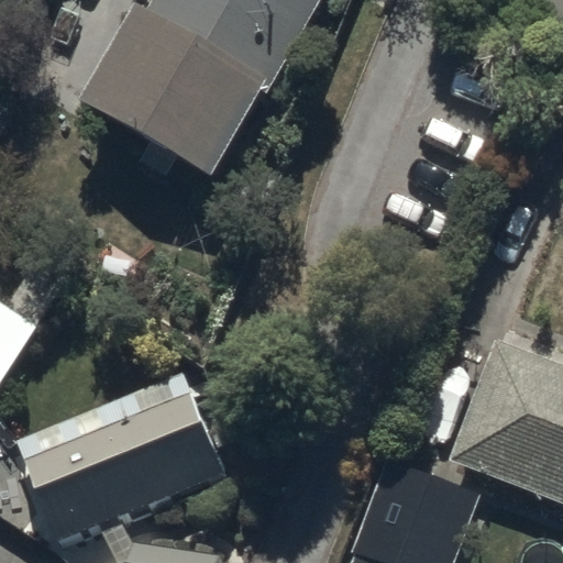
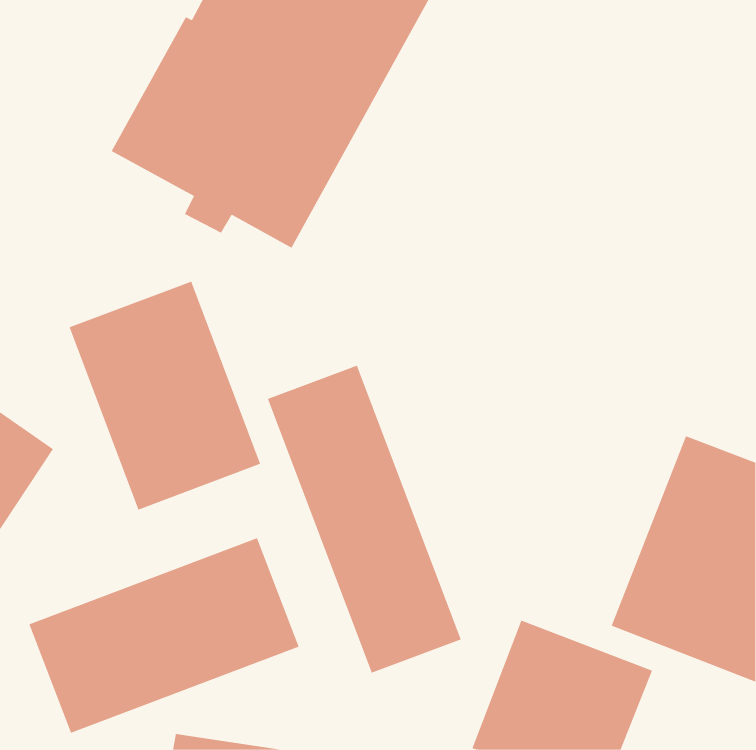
building: none -> [69,281,261,510]
building: none -> [267,365,462,673]

